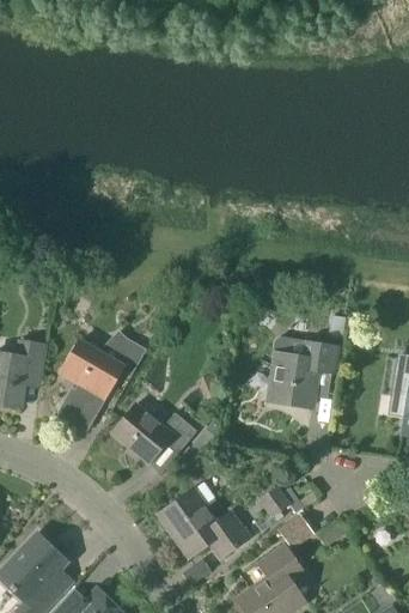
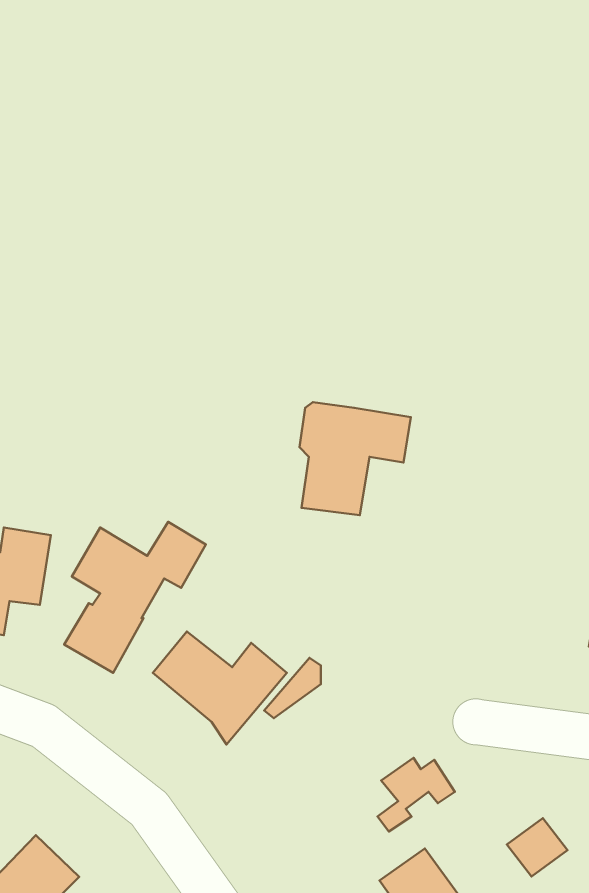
building: [270,336,341,408] -> [300,402,411,515]
building: [158,482,251,560] -> none
building: [276,512,315,550] -> [507,818,567,877]

